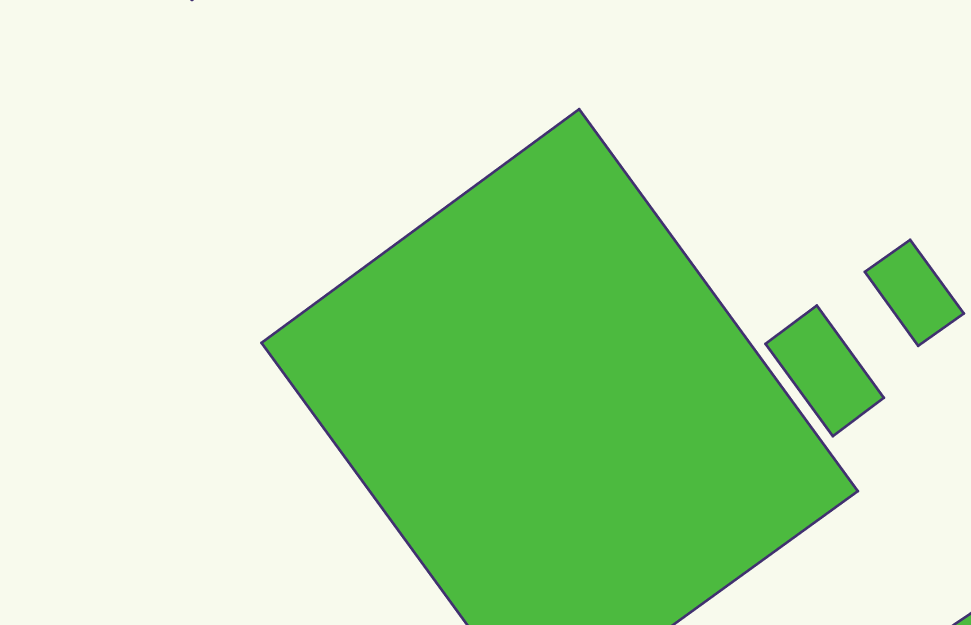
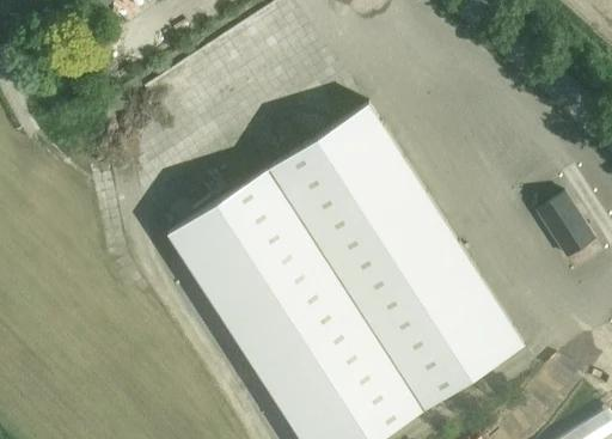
building: [765,305,884,436] -> none

